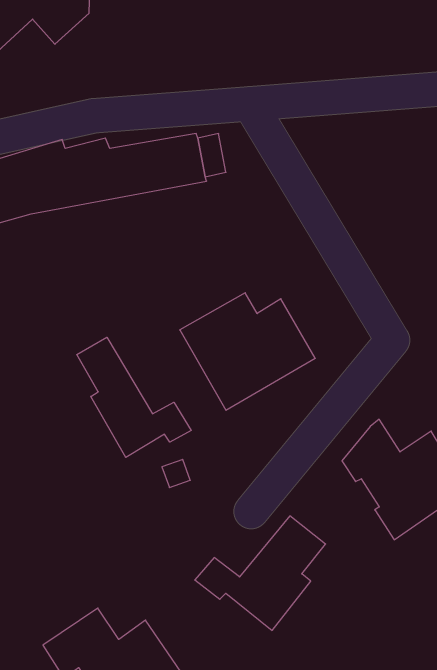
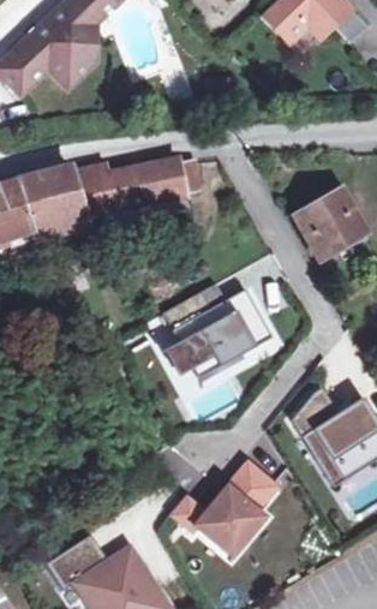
building: none -> [293,190,364,258]
building: [77,337,191,457] -> none

